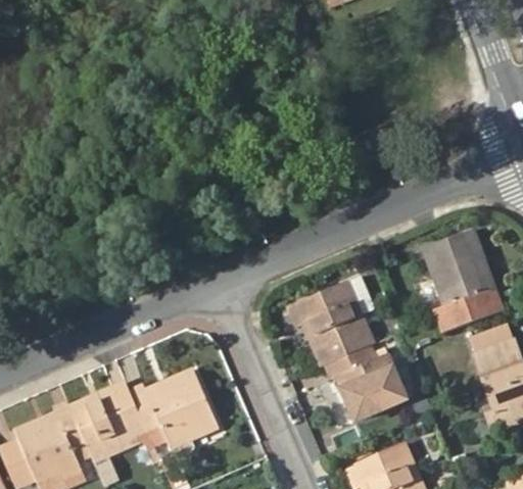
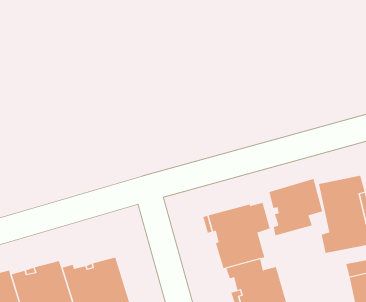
building: none -> [269,178,323,236]

